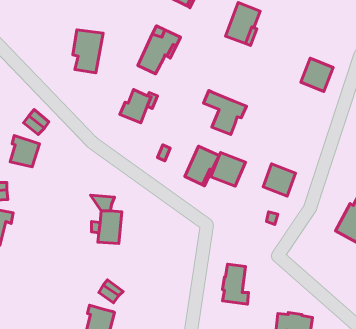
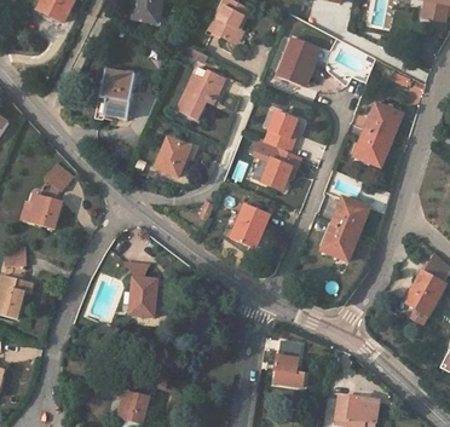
building: none -> [262,109,296,151]
building: none -> [353,129,391,167]
building: [211,153,245,186] -> [330,196,370,235]

